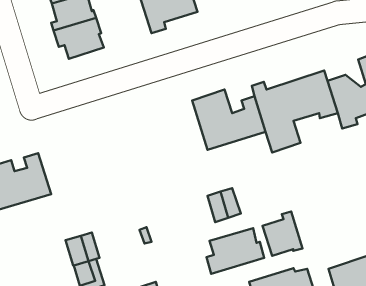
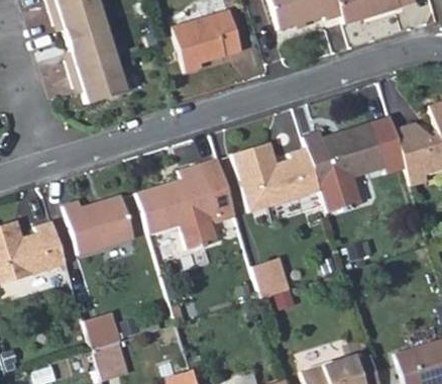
building: none -> [136,159,235,250]
building: none -> [65,195,135,253]
building: [263,211,302,256] -> none
building: [206,228,264,274] -> none

